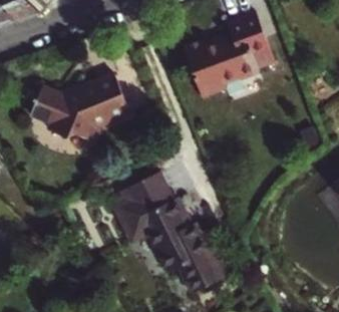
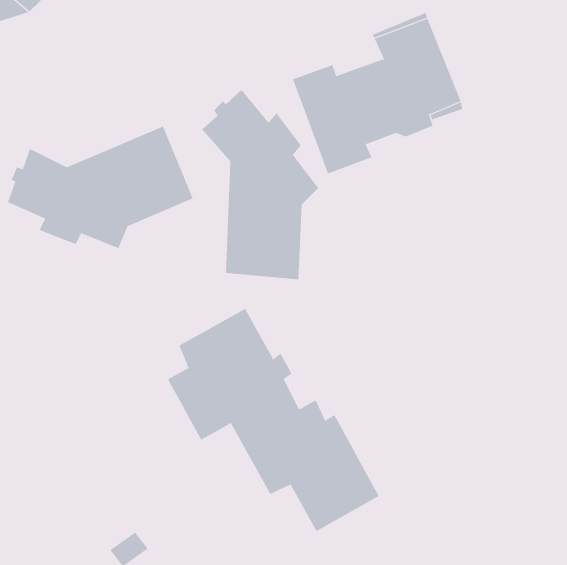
building: none -> [201,89,319,280]

